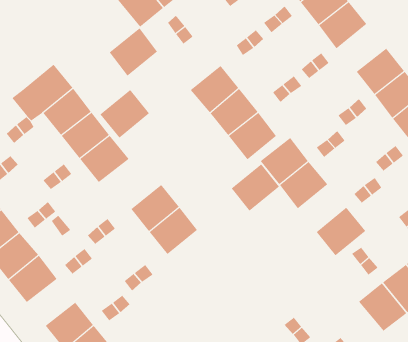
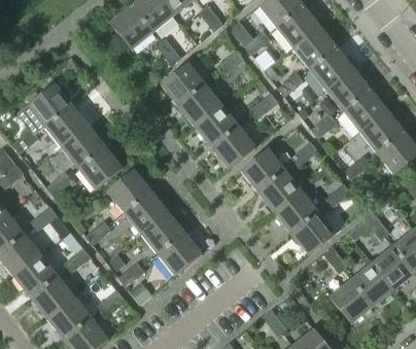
building: none -> [309,46,354,90]
building: [109,27,158,77] -> [161,62,205,106]
building: [100,89,150,138] -> [106,169,151,213]
building: [231,163,280,212] -> [274,190,318,234]
building: none -> [157,232,202,276]
building: none -> [30,276,74,318]

